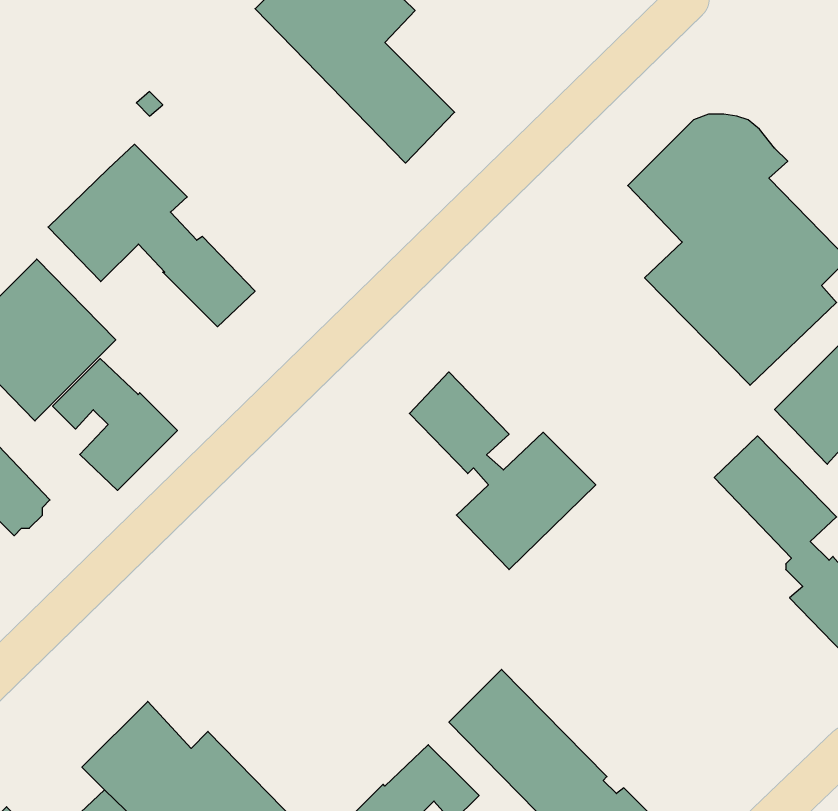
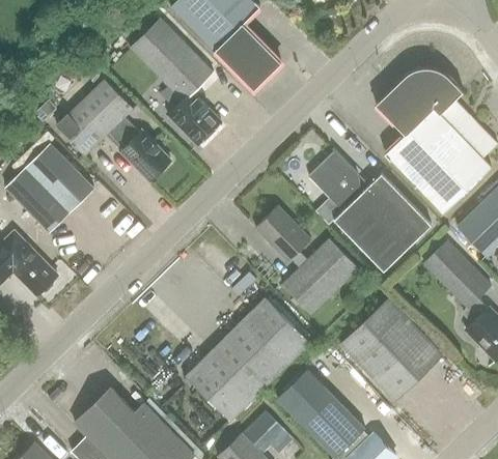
building: none -> [130,19,220,145]
building: none -> [308,148,431,270]
building: [53,359,177,490] -> none
building: none -> [186,297,309,421]
building: none -> [339,297,442,400]

